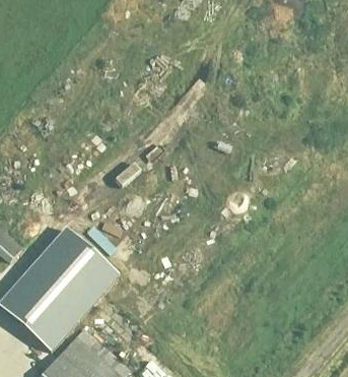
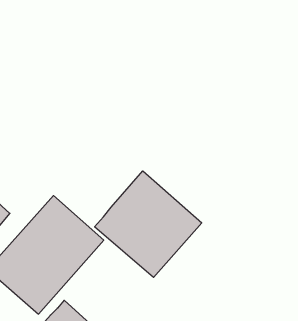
building: none -> [95,171,202,277]

